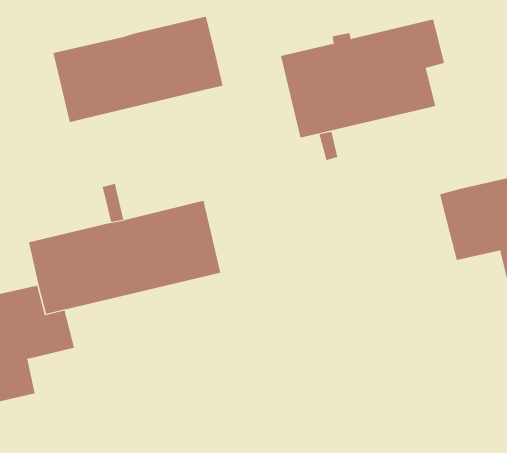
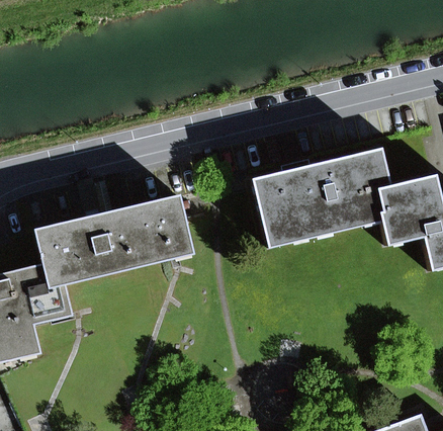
building: [53,16,223,123] -> none
building: [280,19,445,138] -> [253,149,388,247]

